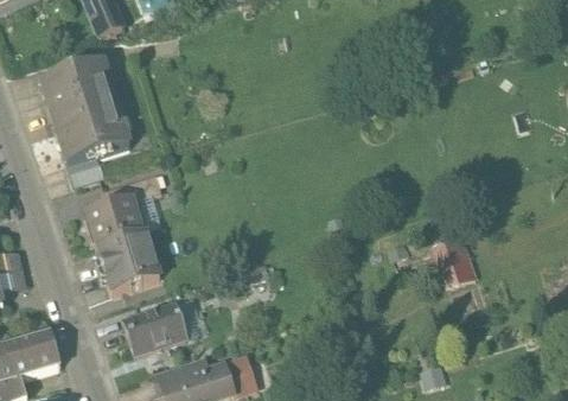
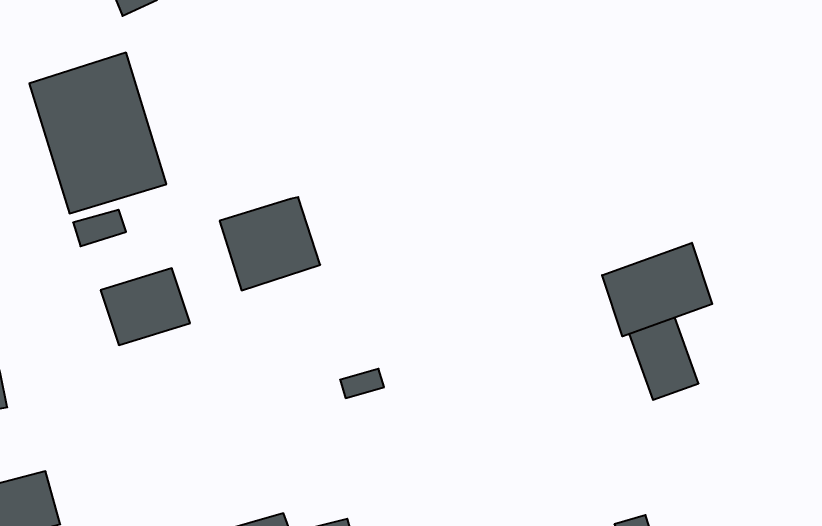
building: none -> [602,243,712,336]
building: [97,235,162,295] -> [220,197,320,290]
building: [125,308,189,357] -> none

